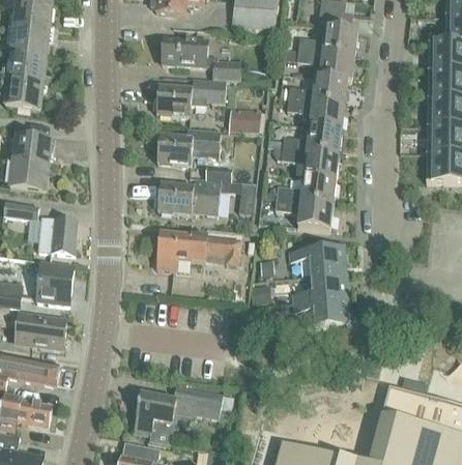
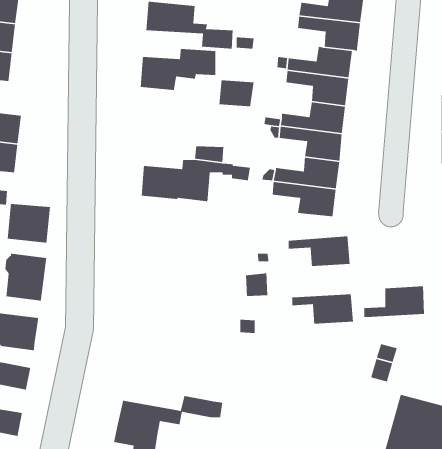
building: [156,128,221,165] -> none
building: [157,231,241,270] -> none
building: [291,271,346,300] -> [364,286,425,318]

